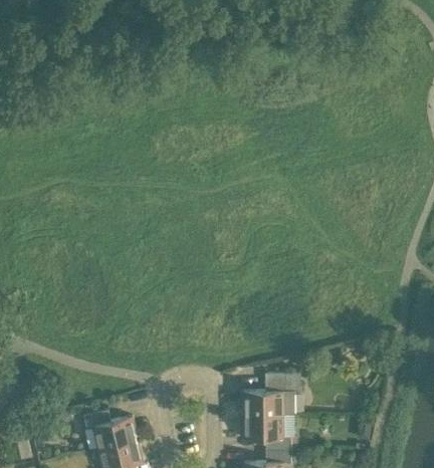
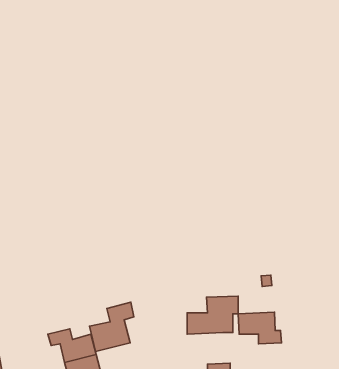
building: none -> [89,302,134,351]
building: [241,416,290,452] -> [238,312,281,344]

